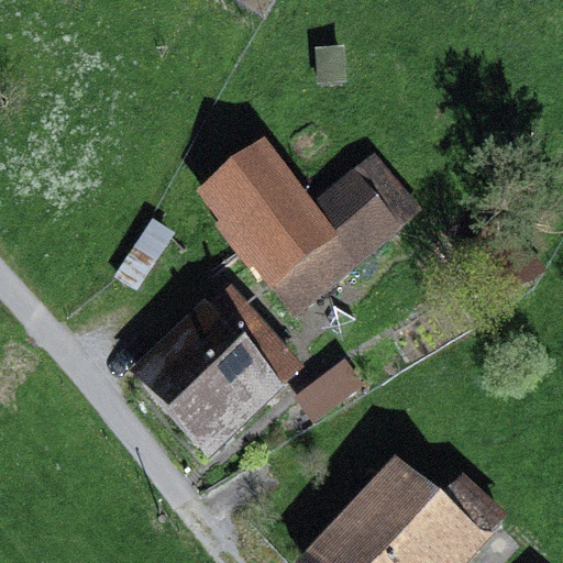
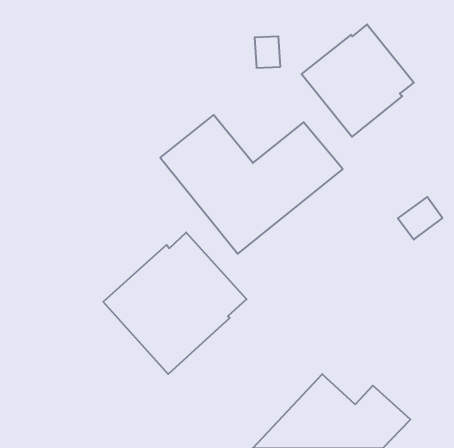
building: none -> [301,24,414,137]

